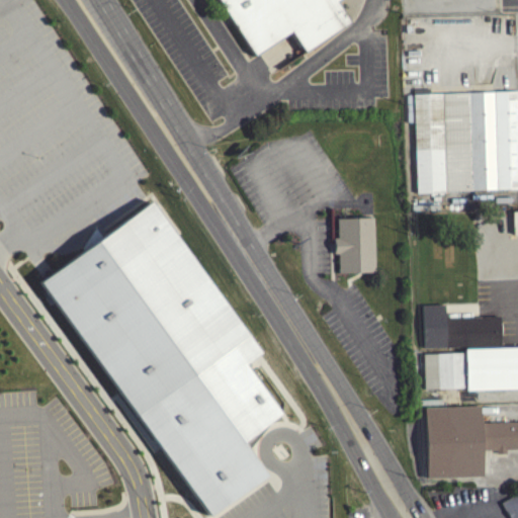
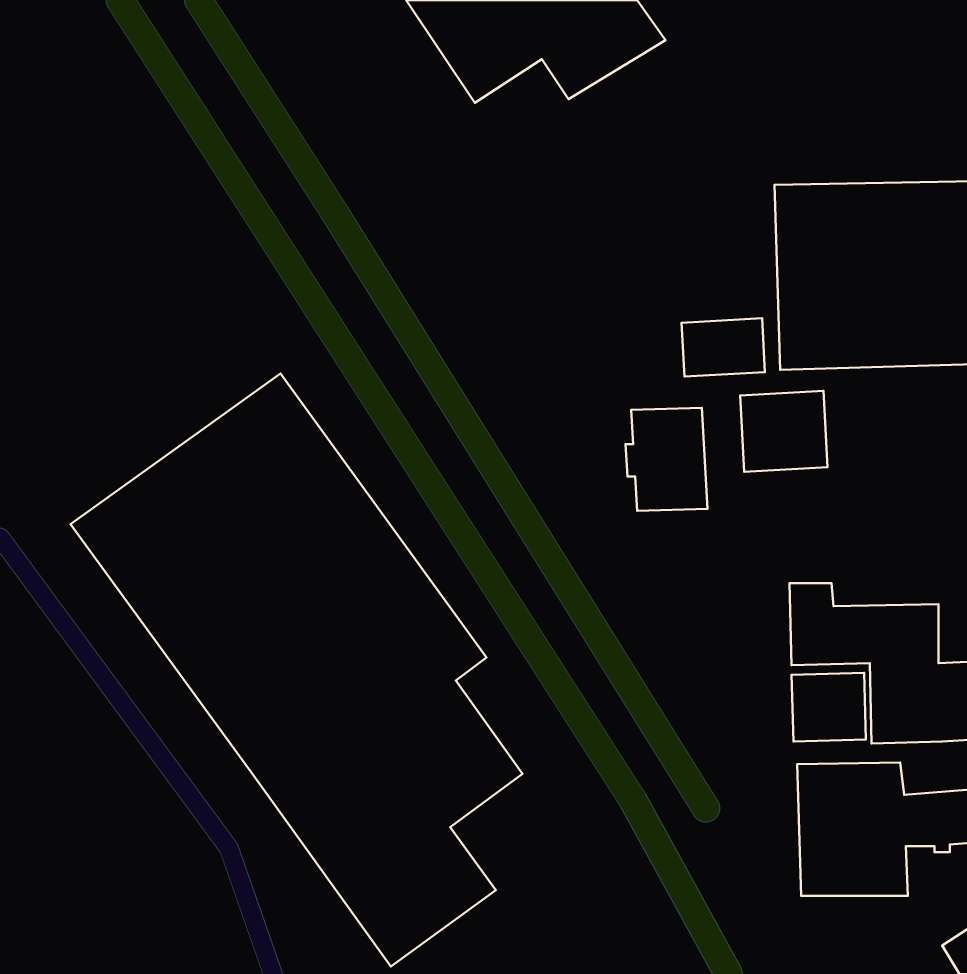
building: none -> [682,318,765,377]
building: none -> [740,391,828,472]

